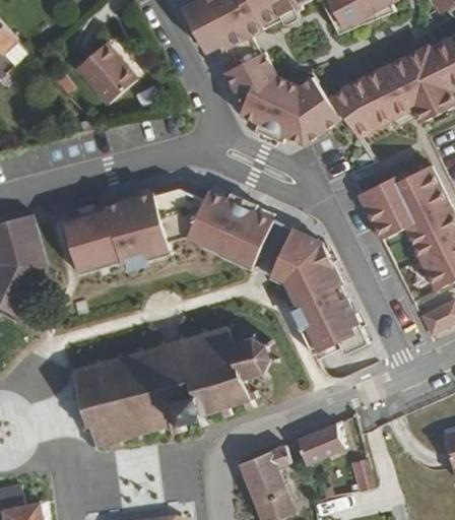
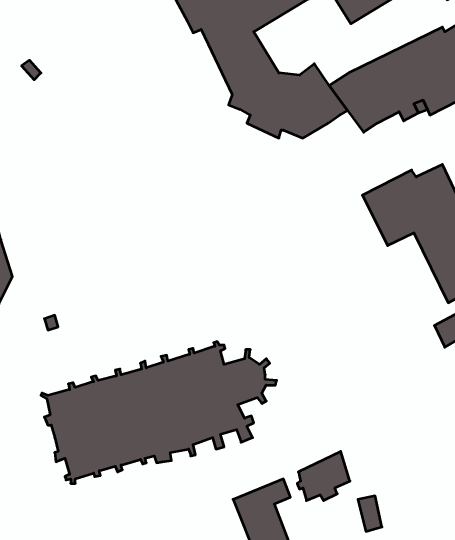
building: [77,41,138,104] -> none
building: [63,189,274,274] -> none
building: [269,228,368,353] -> none

